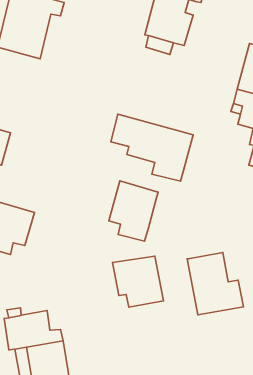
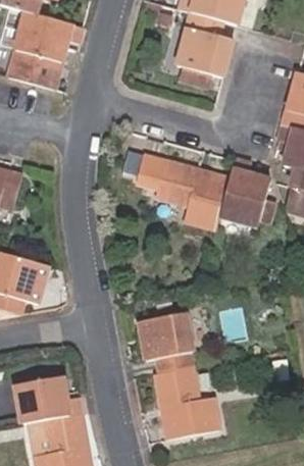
building: none -> [219,167,269,227]
building: [109,181,158,241] -> none
building: [187,252,244,315] -> [156,366,220,437]

